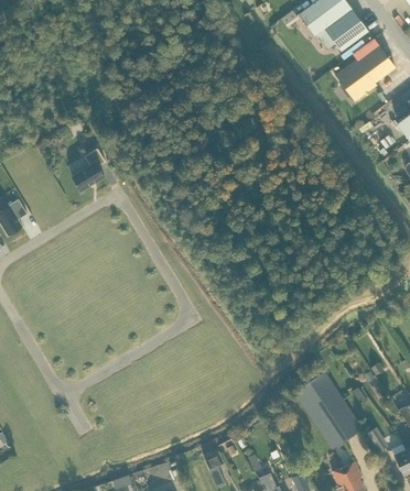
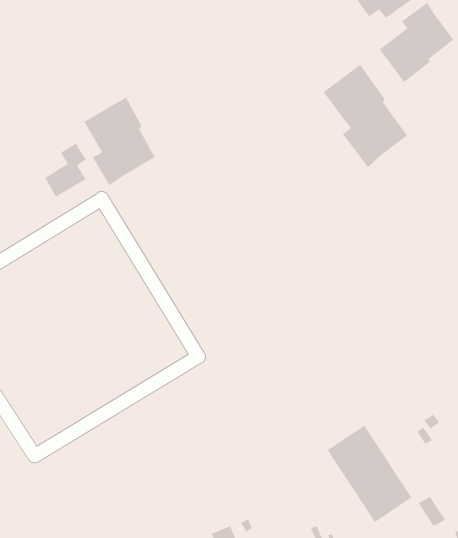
building: none -> [323,64,408,168]
building: none -> [83,97,156,186]

